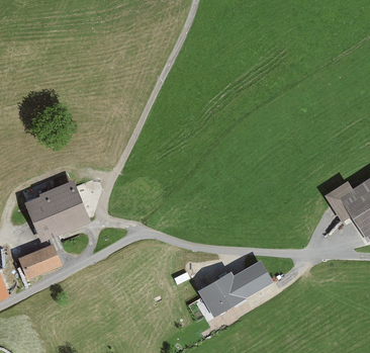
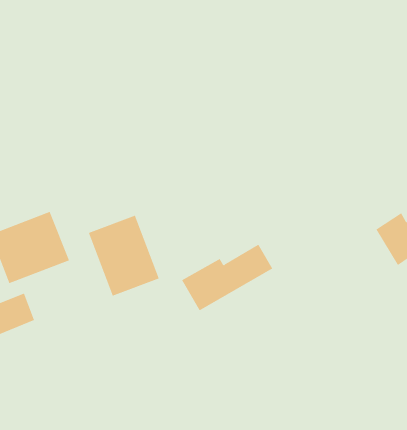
building: none -> [88,215,160,296]
building: [202,262,274,315] -> [181,244,273,311]

